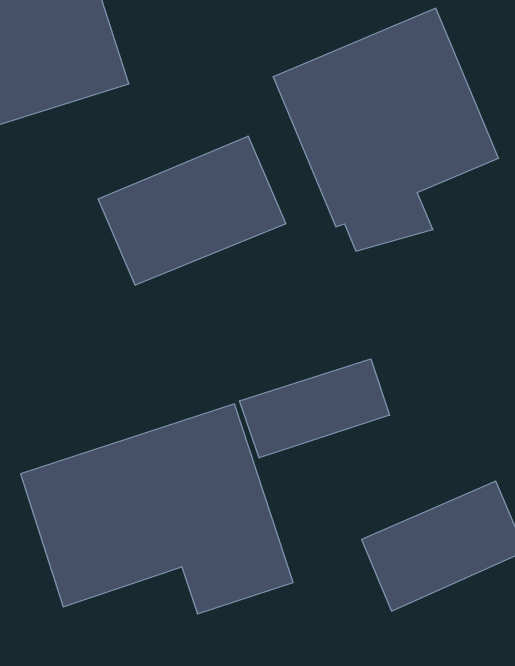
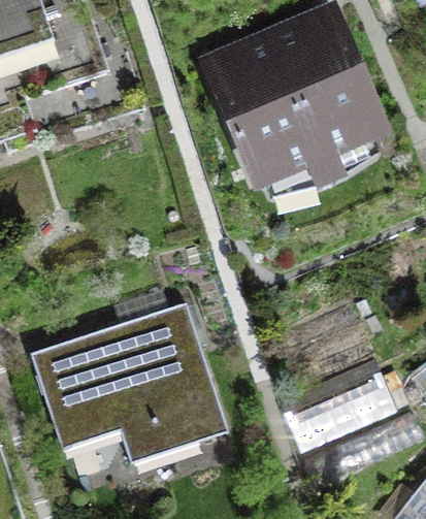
building: [98,136,286,285] -> none
building: [240,359,390,458] -> none

